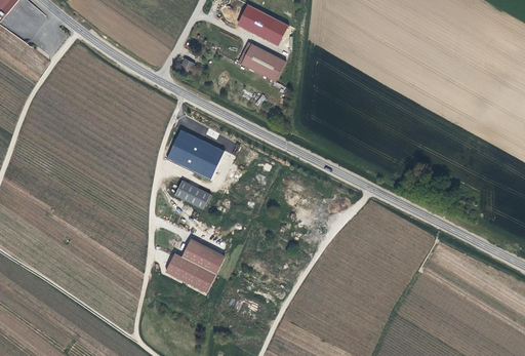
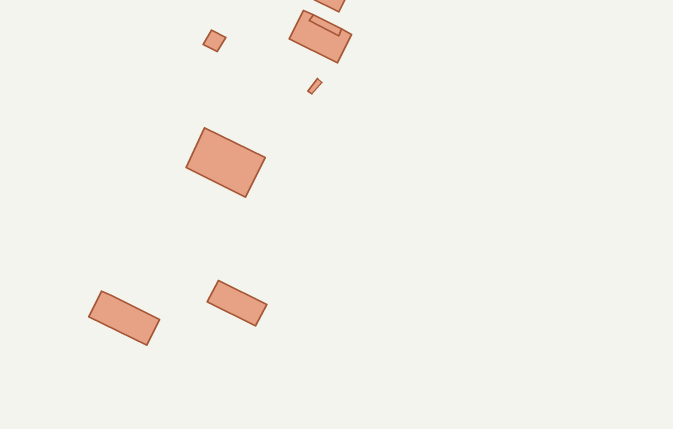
building: [174,181,209,208] -> none
building: [165,252,216,291] -> [89,291,160,345]

